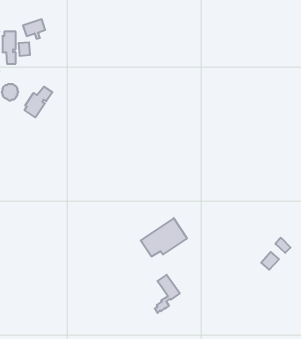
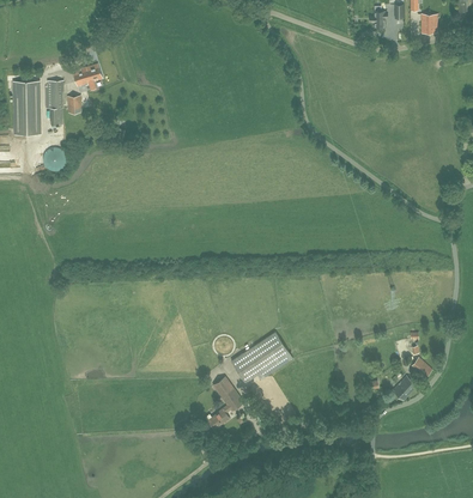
building: [25,87,52,117] -> none
building: [155,275,180,313] -> [208,376,242,427]

